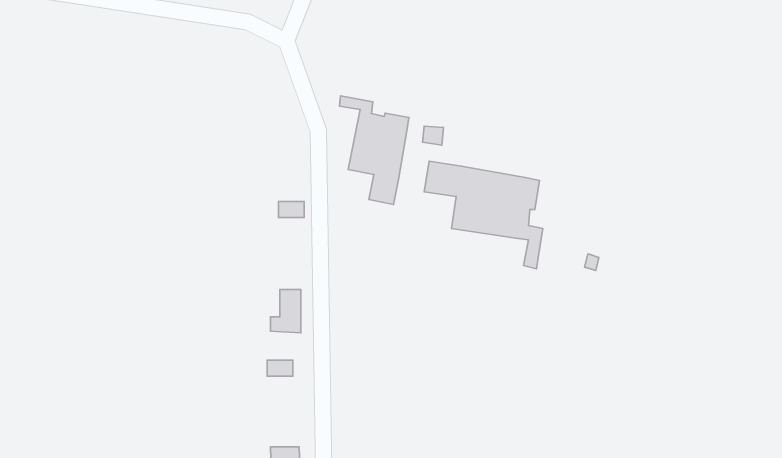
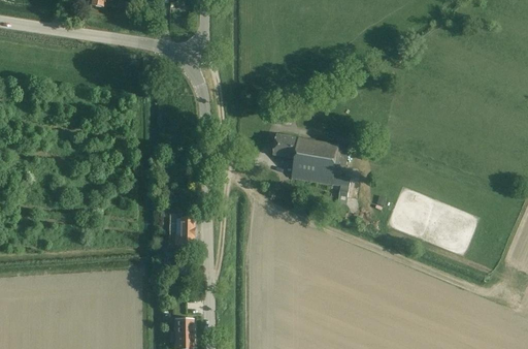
building: [339,96,409,204] -> none

